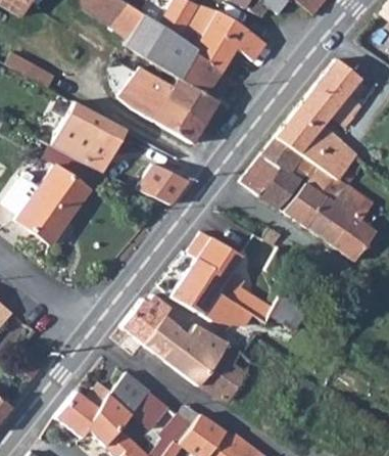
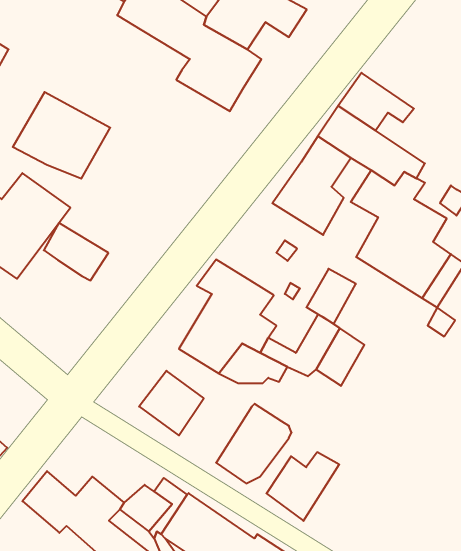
building: [309,60,360,118] -> none
building: [120,66,211,145] -> none
building: [142,166,190,209] -> [44,223,108,280]
building: [285,187,322,228] -> [306,269,356,324]
building: [124,294,169,339] -> none
building: [174,330,228,381] -> [266,452,339,521]
building: [109,370,154,411] -> none

